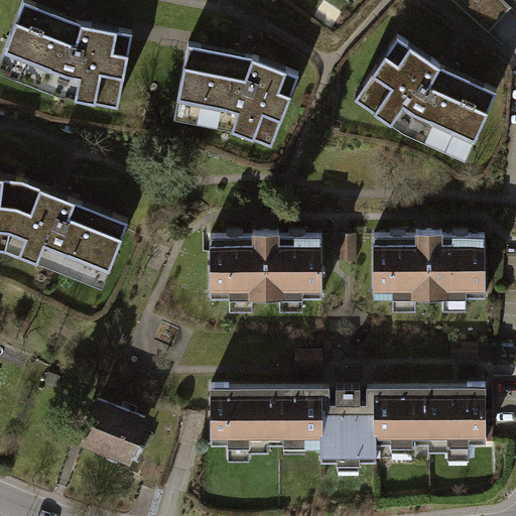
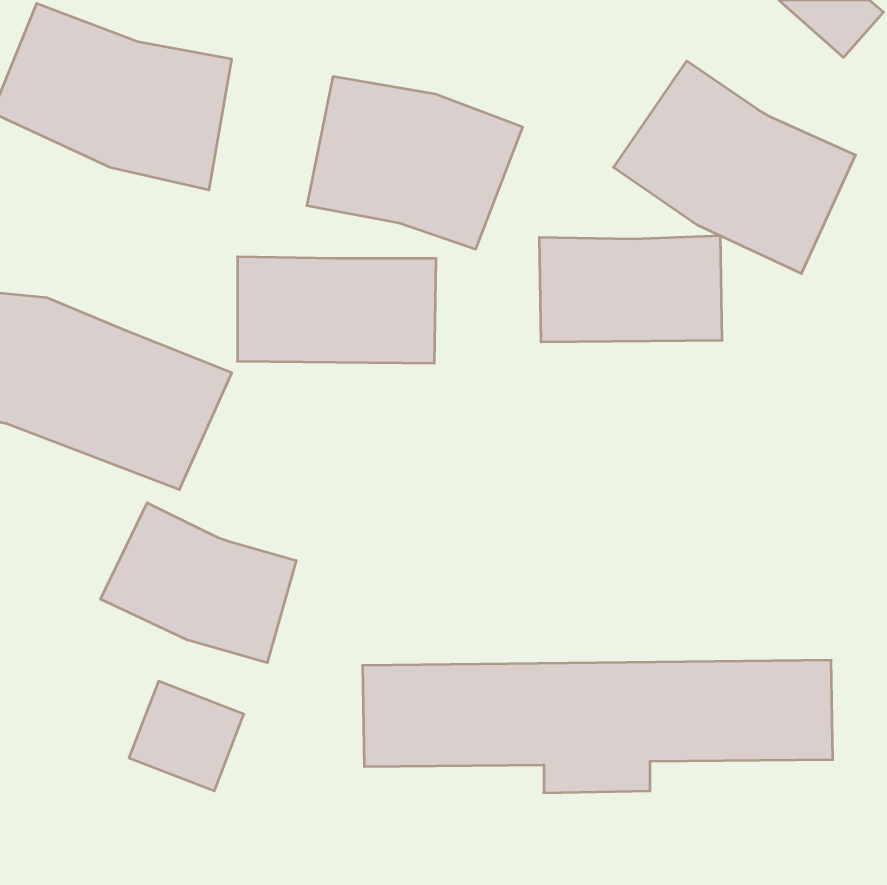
building: [207,241,321,302] -> [237,257,436,363]
building: [371,241,477,302] -> [539,236,722,342]
building: none -> [101,503,296,663]

